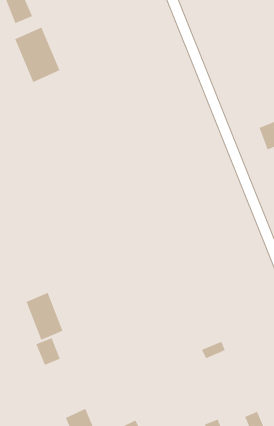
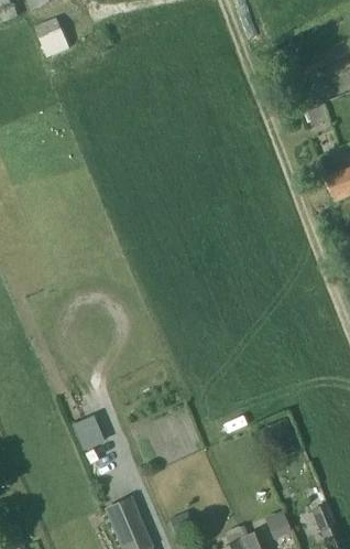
building: [14,26,60,83] -> none
building: [26,292,63,341] -> none

